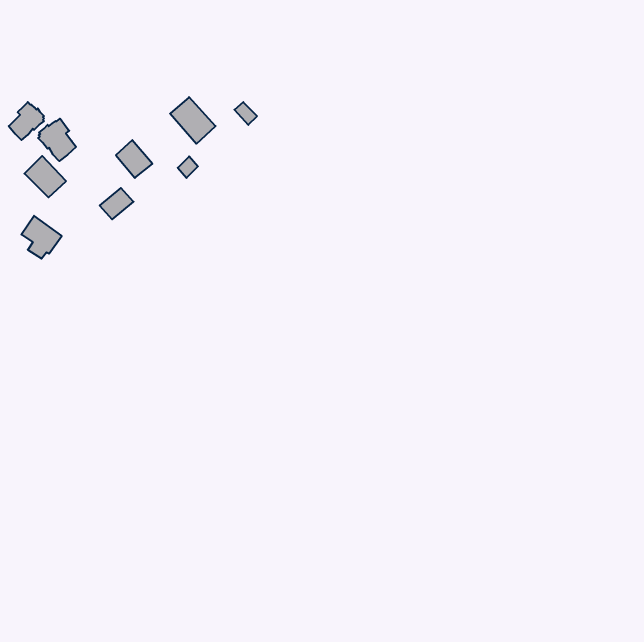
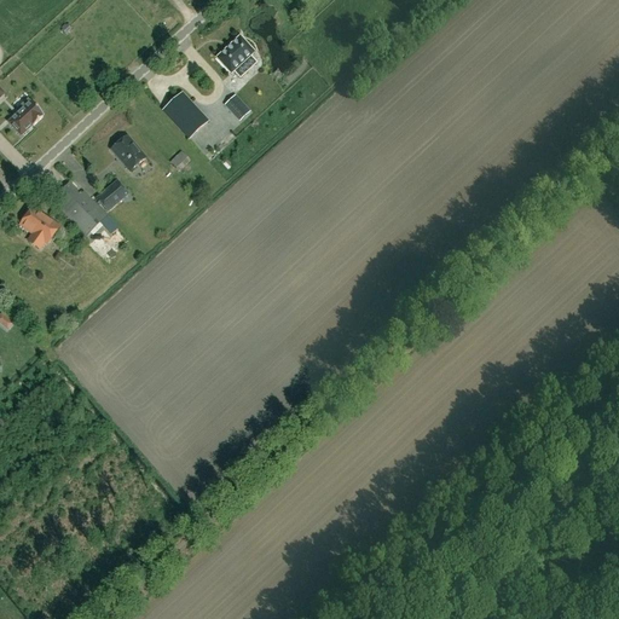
building: none -> [216,36,256,76]
building: [38,119,76,161] -> none
building: [24,156,66,197] -> [66,191,106,231]

